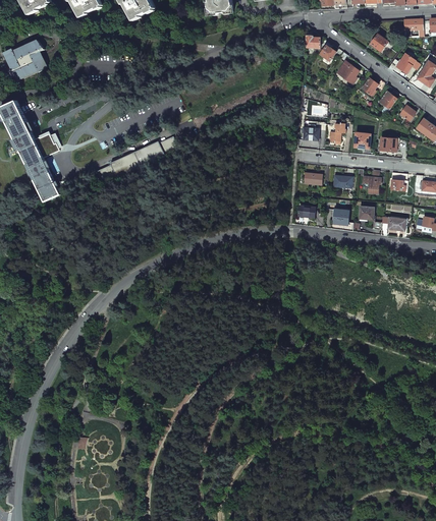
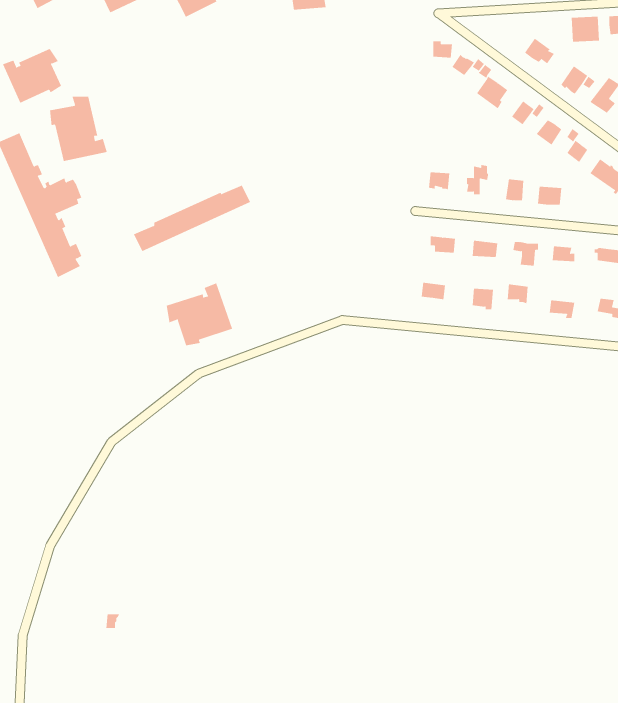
building: none -> [50,96,107,162]
building: none -> [166,282,233,346]

